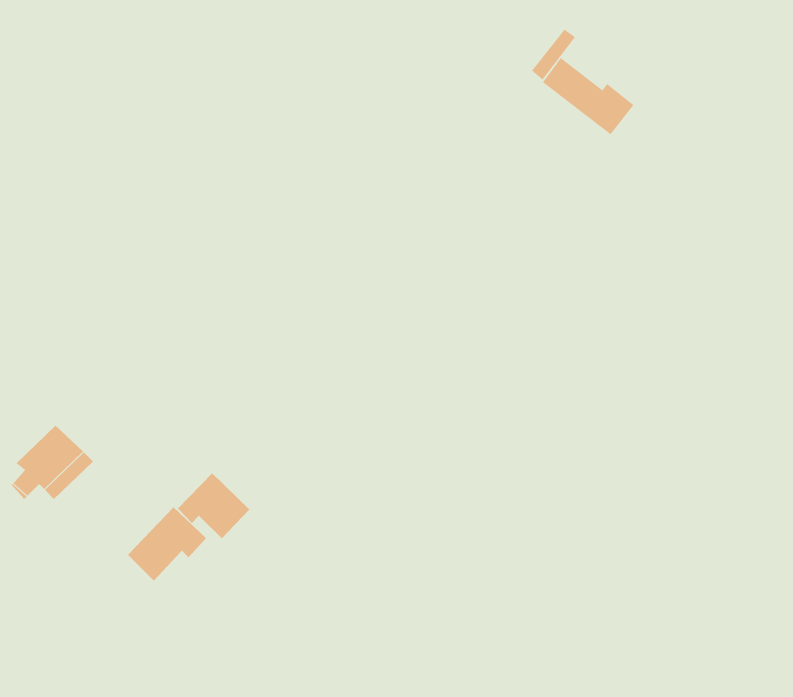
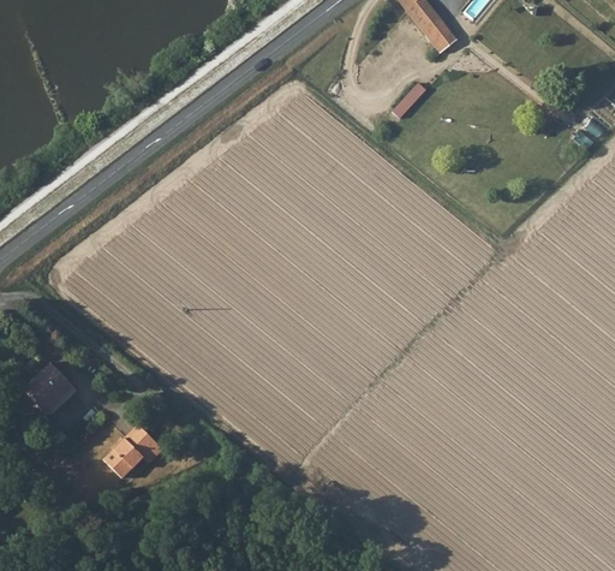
building: [542,57,634,135] -> none
building: [177,473,250,539] -> none

